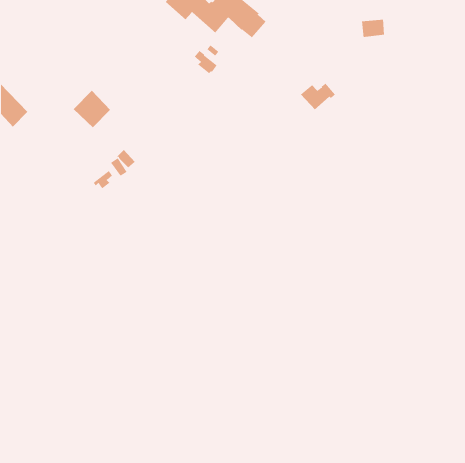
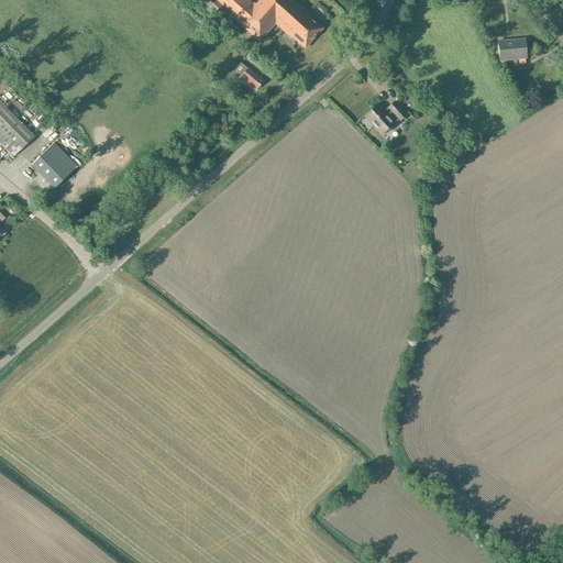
building: [361,19,385,38] -> [497,37,526,59]
building: [73,90,111,128] -> [31,141,77,187]

